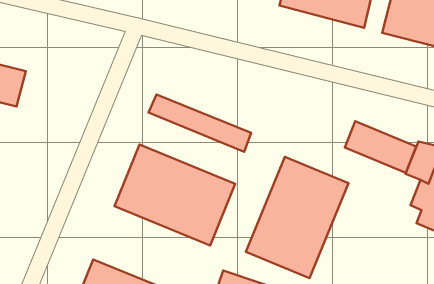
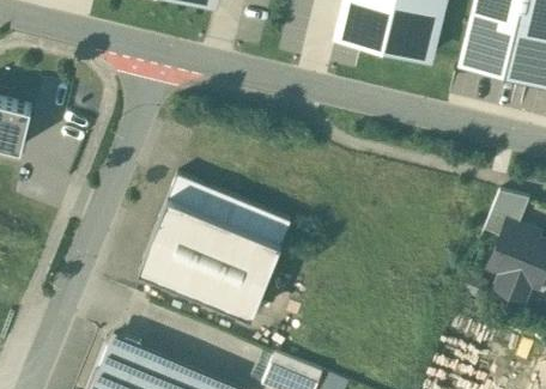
building: [148,94,251,152] -> [168,177,290,245]
building: [345,121,416,173] -> none
building: [246,157,348,278] -> none

